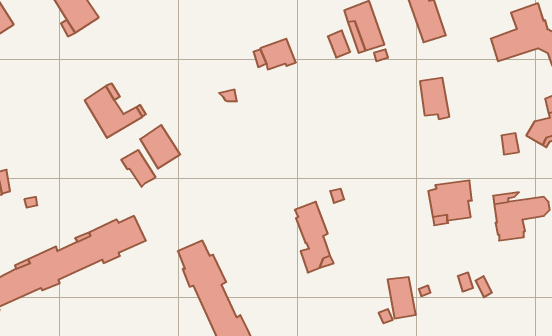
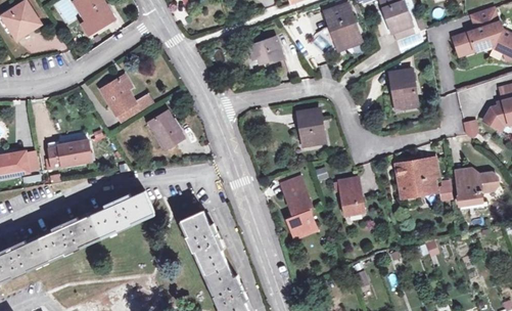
building: none -> [298,109,325,145]
building: [121,150,155,187] -> none
building: none -> [47,139,88,166]
building: [388,277,416,318] -> [339,179,364,215]

